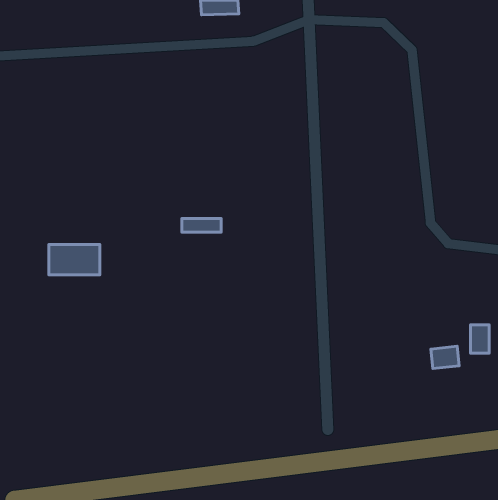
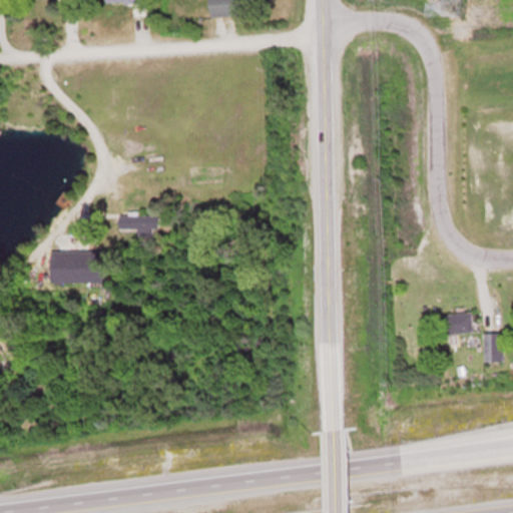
building: [182,218,221,232] -> [117,215,157,229]
building: [431,346,459,369] -> [443,311,472,334]

